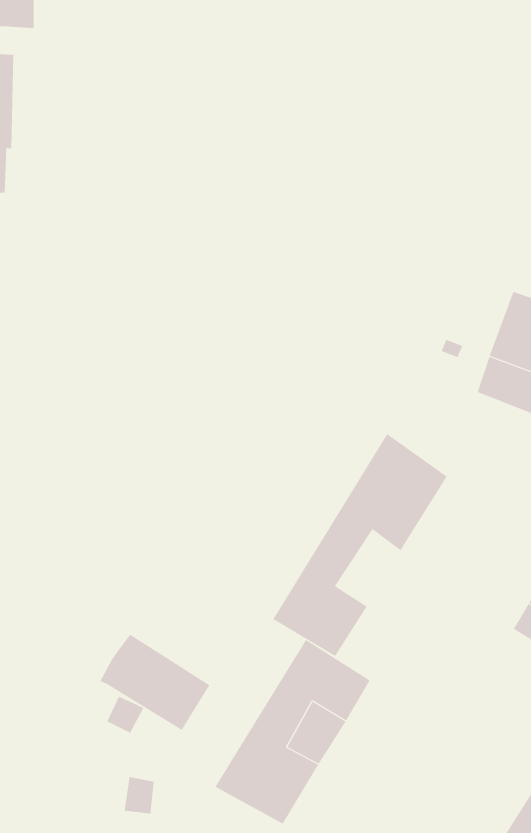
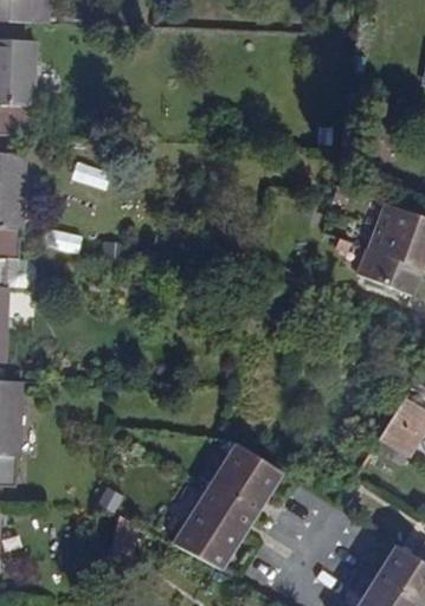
building: [273,433,448,657] -> none
building: [99,634,210,731] -> none

